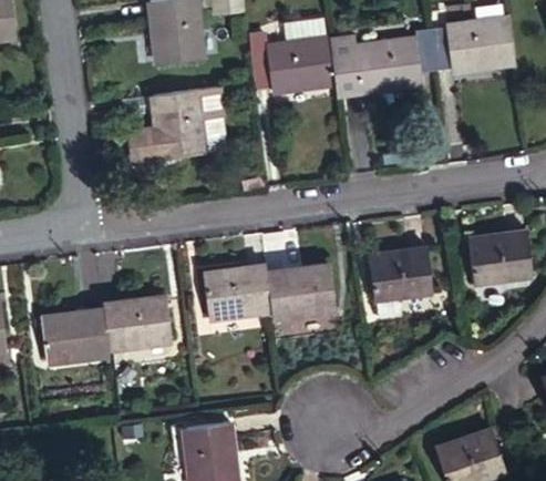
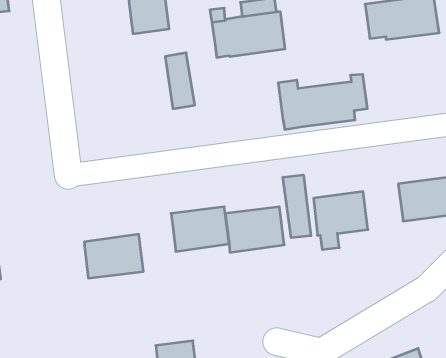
building: [330,29,434,93] -> [278,74,367,129]
building: [128,90,205,161] -> none
building: none -> [283,175,311,238]
building: [41,310,107,361] -> none

